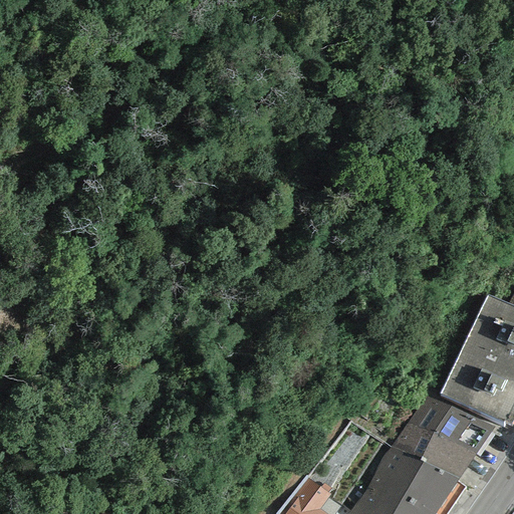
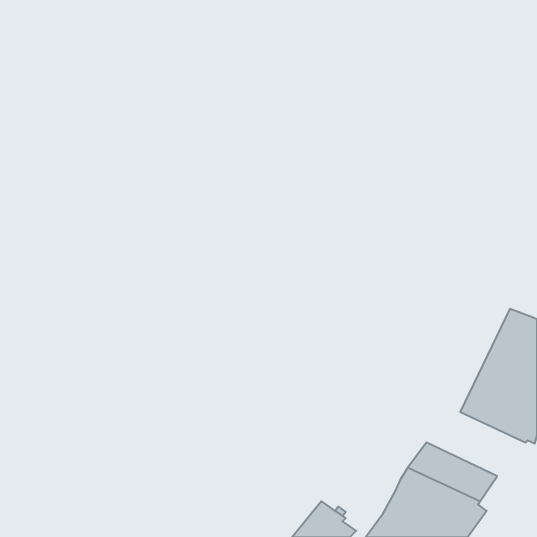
building: [408,396,494,455] -> none

